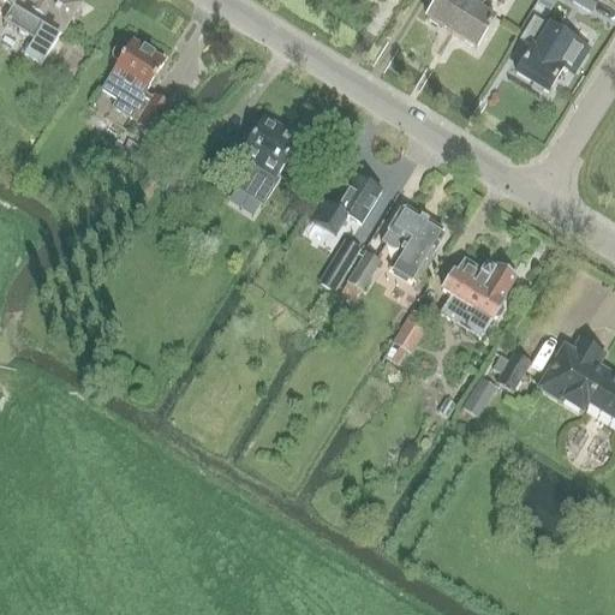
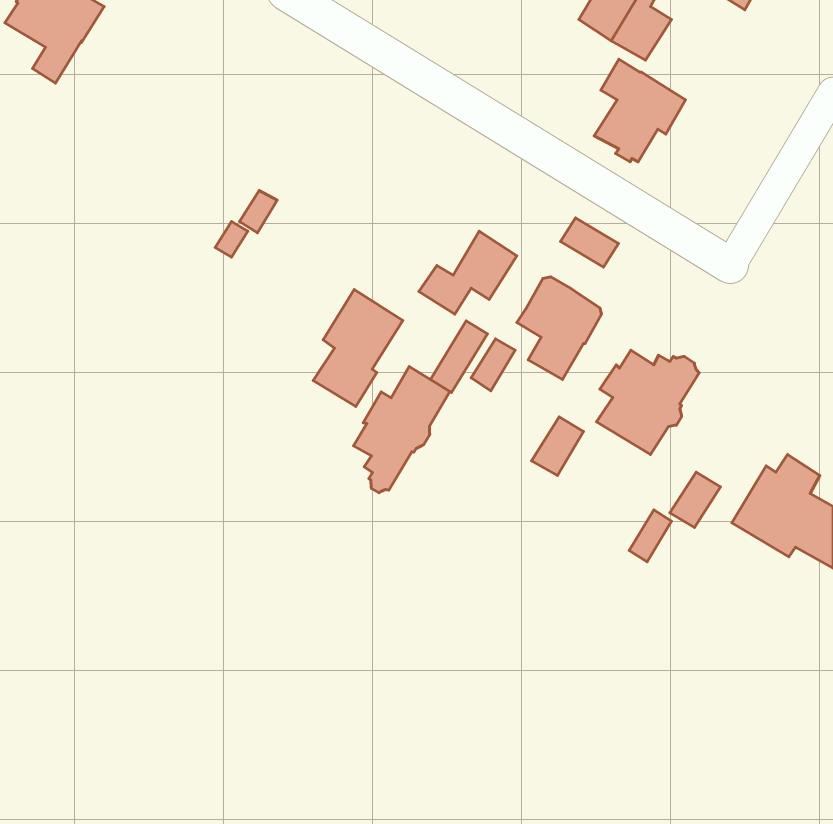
building: [515,13,583,89] -> [594,59,686,162]
building: [101,37,169,130] -> none
building: [233,114,299,201] -> [313,289,403,407]
building: none -> [561,218,619,267]
building: none -> [354,367,450,493]

